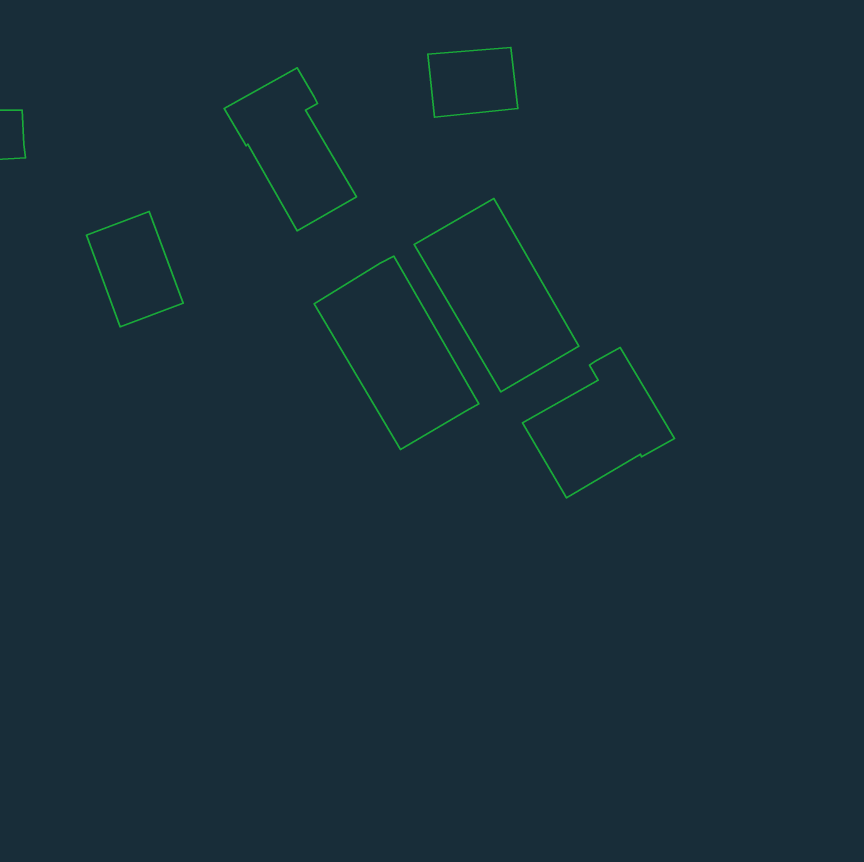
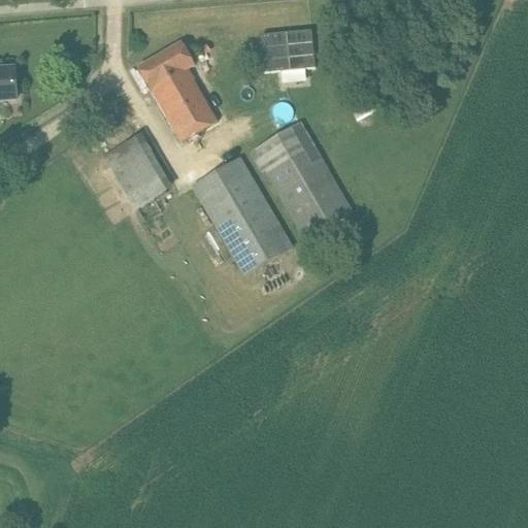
building: [86,212,183,327] -> [110,136,169,206]
building: [523,347,674,498] -> none

